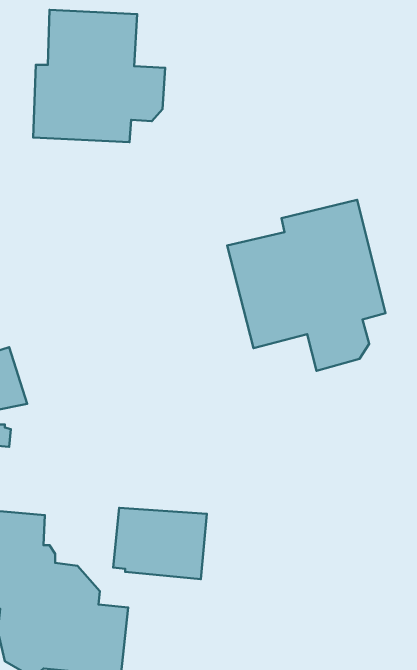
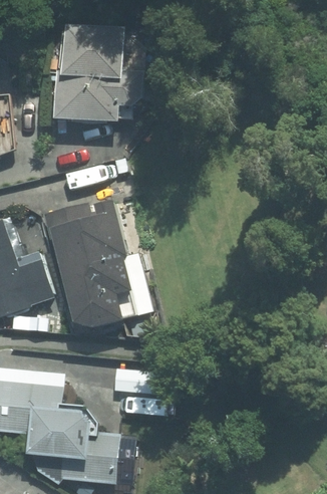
building: [227,200,386,371] -> none
building: none -> [41,203,132,329]

